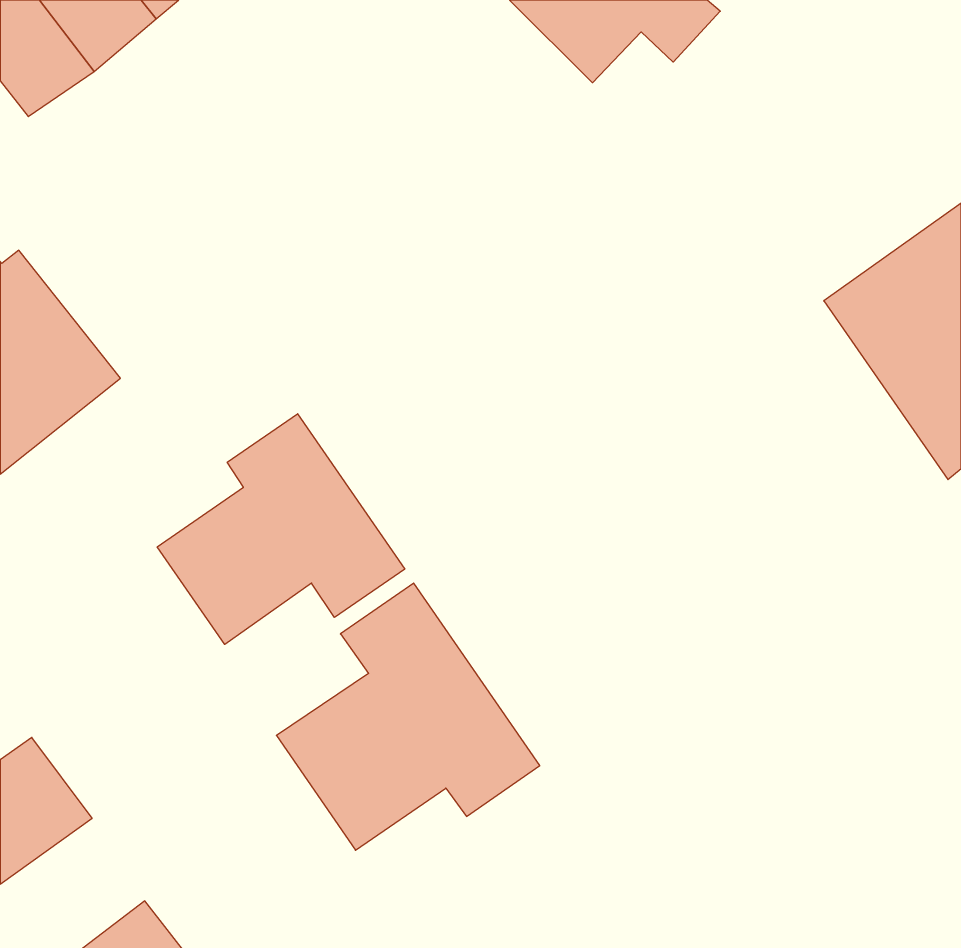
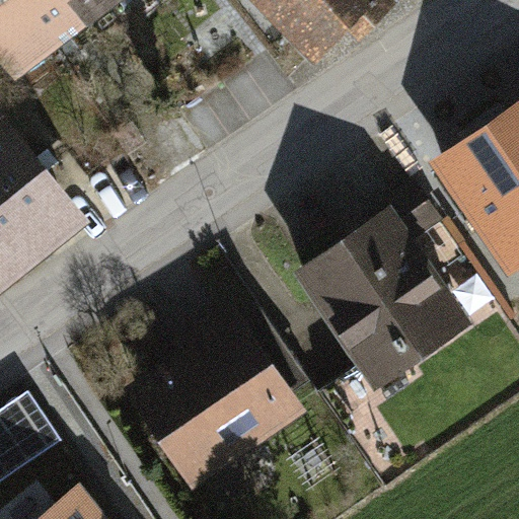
building: none -> [304,198,462,384]
building: [157,414,405,644] -> none

